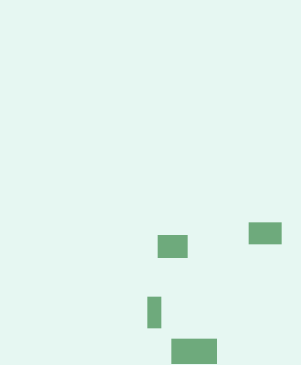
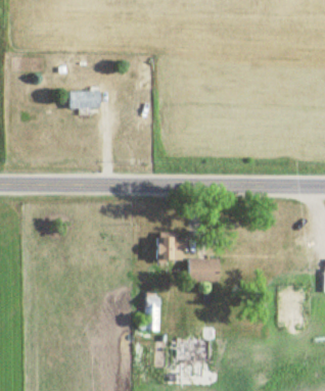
building: none -> [68,91,102,108]
building: [248,222,282,245] -> [187,259,221,282]

